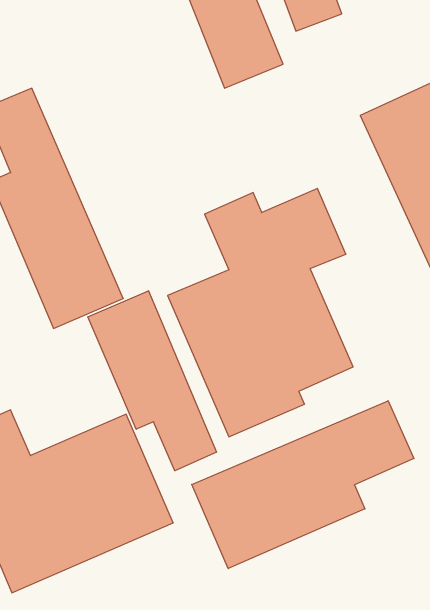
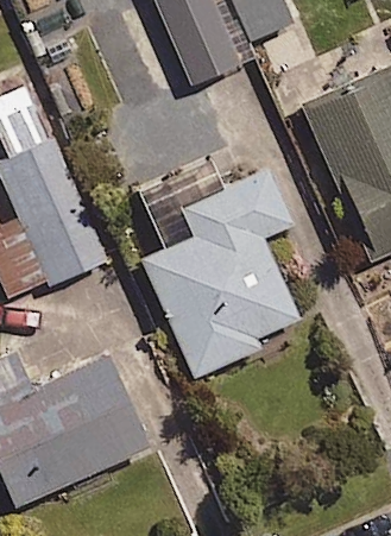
building: [88,291,216,471] -> none
building: [192,401,414,569] -> none

